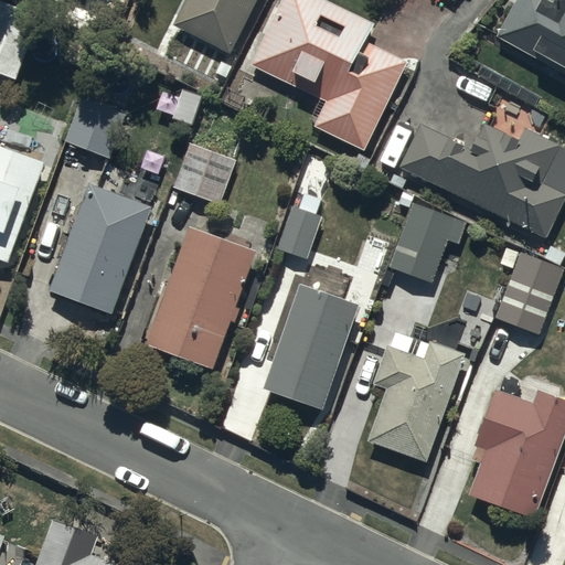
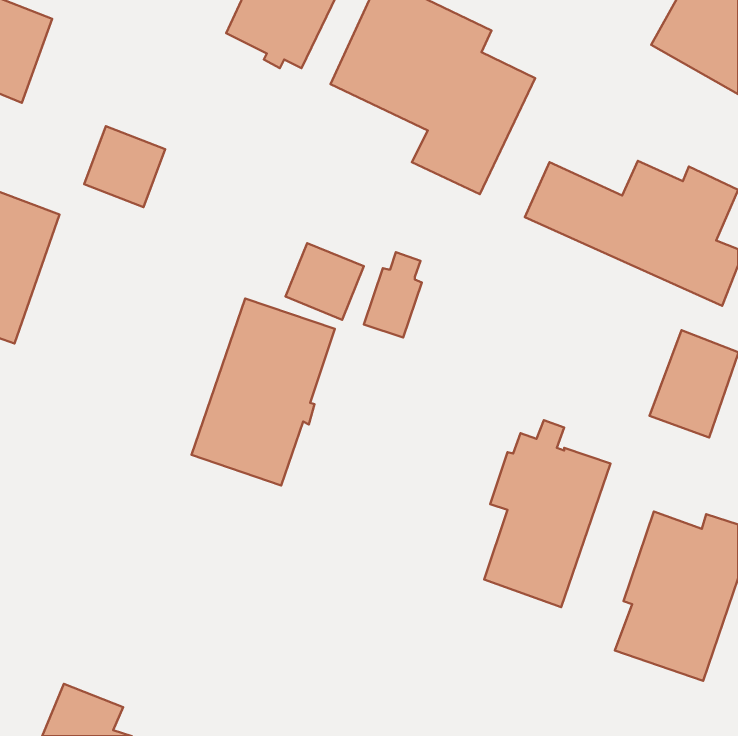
building: [174,142,234,201] -> [286,243,364,320]
building: [50,182,152,313] -> none
building: [390,202,467,280] -> none
building: [263,285,359,409] -> none

